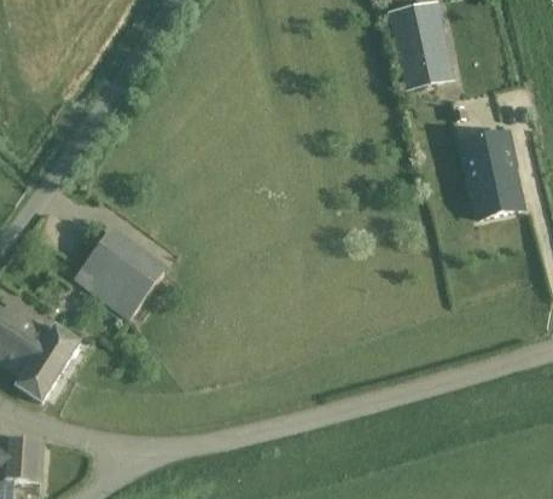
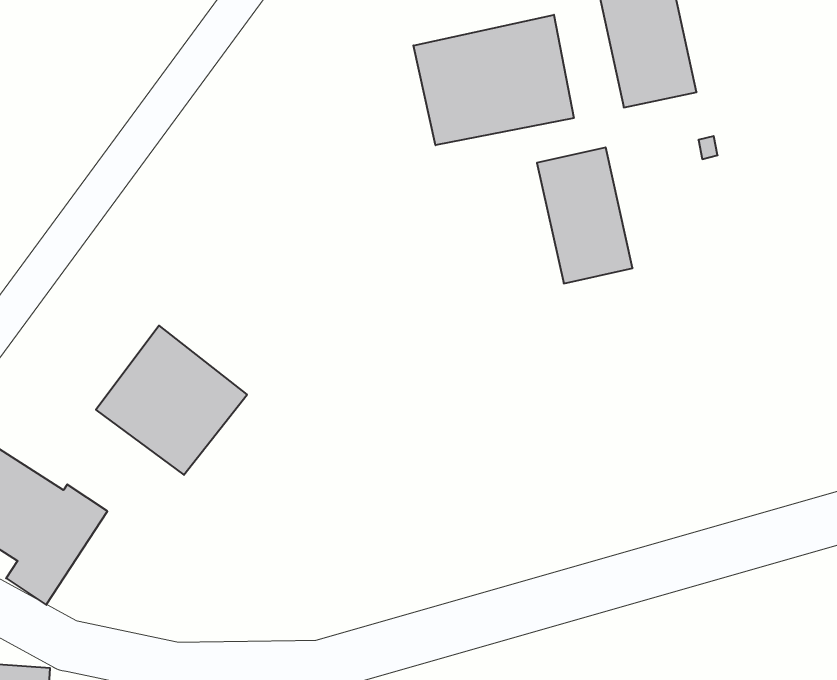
building: none -> [413,15,574,145]
building: [461,133,522,219] -> [537,147,633,283]

